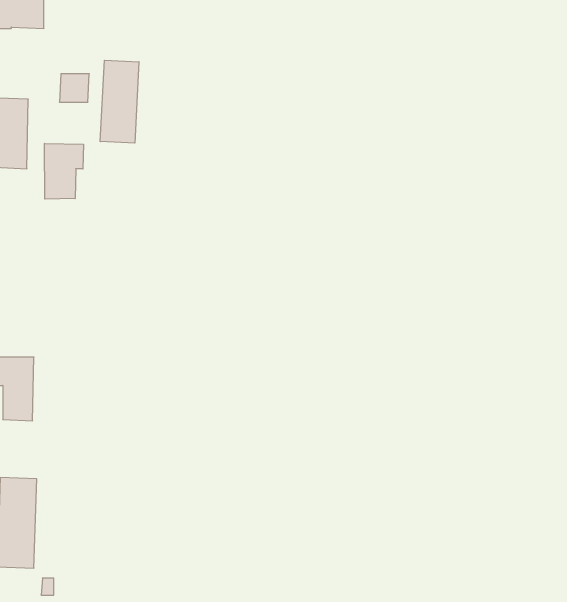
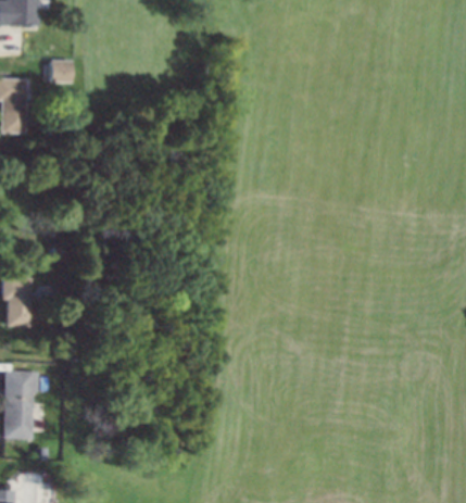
building: [100,60,139,143] -> none
building: [45,143,83,199] -> none

